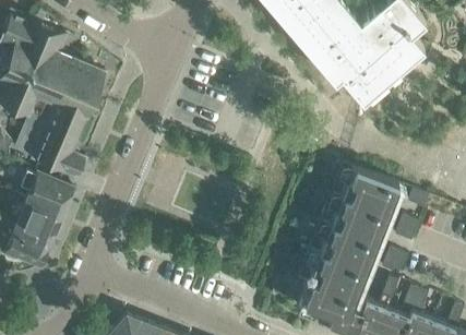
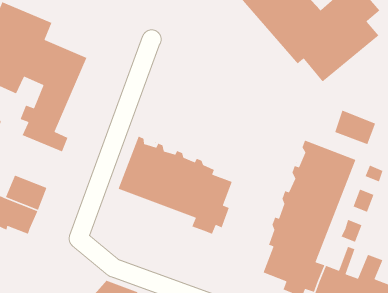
building: none -> [334,110,376,145]
building: none -> [118,136,233,235]
building: [21,171,73,215] -> none

